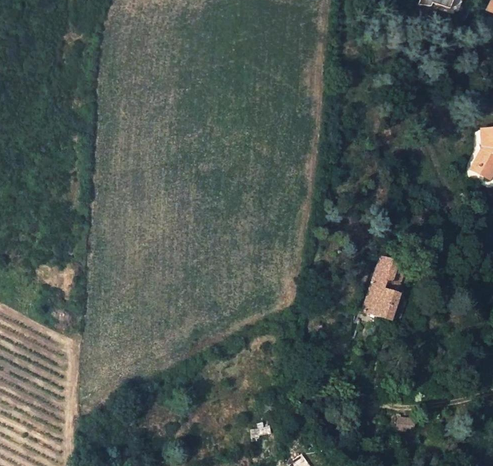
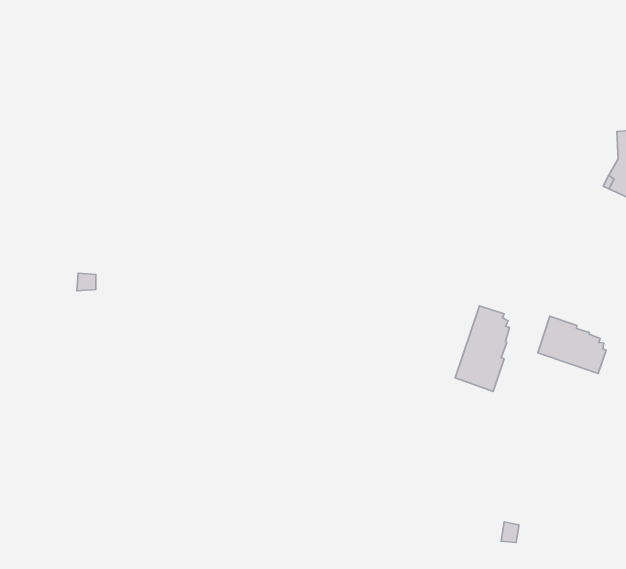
building: none -> [538,316,606,373]

